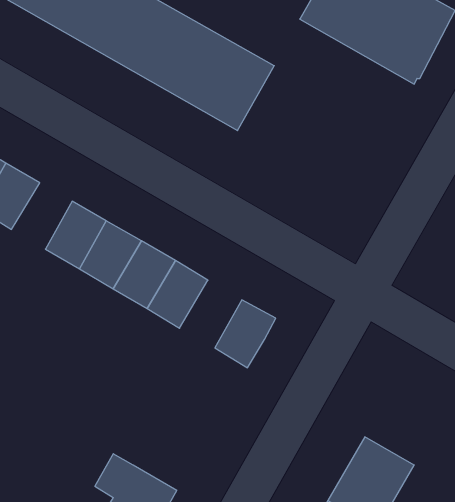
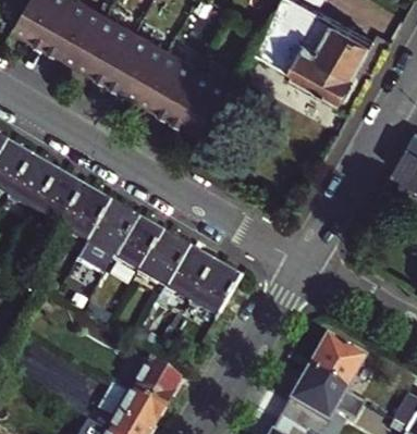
building: none -> [34,175,81,226]
building: none -> [163,250,211,302]
building: none -> [306,337,363,393]
building: none -> [127,363,179,412]

